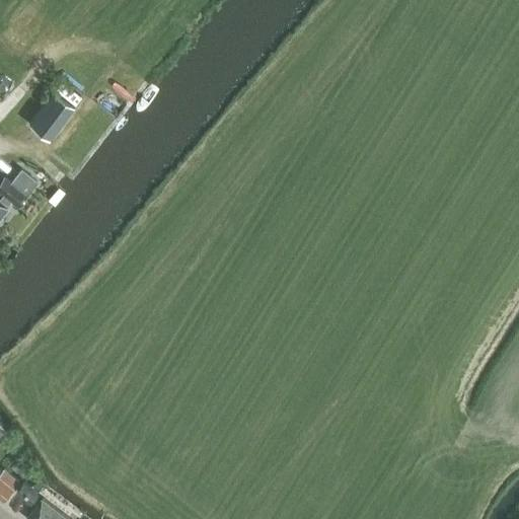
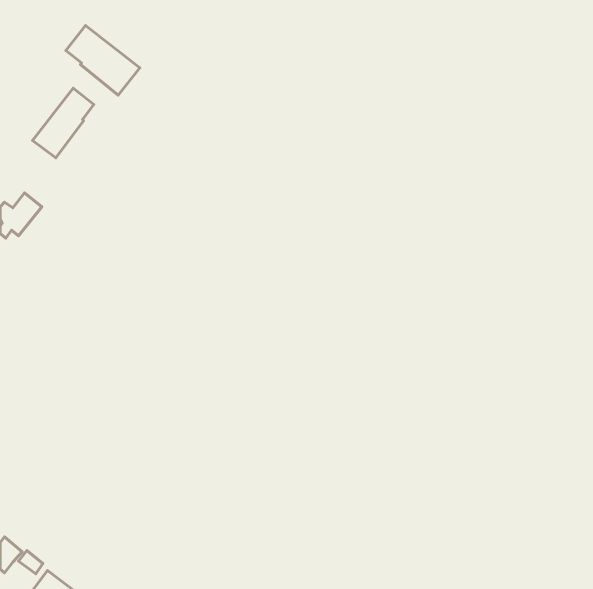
building: none -> [66,25,140,95]

